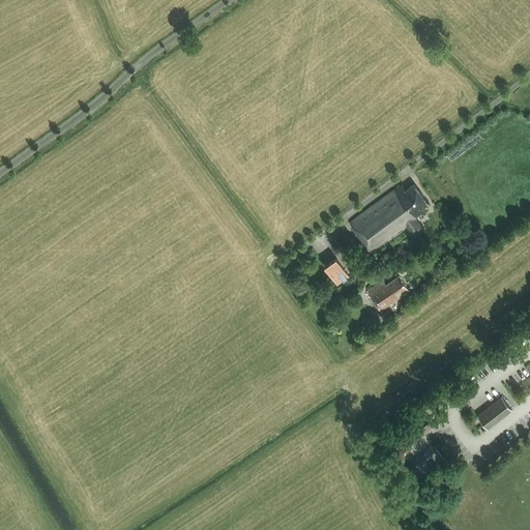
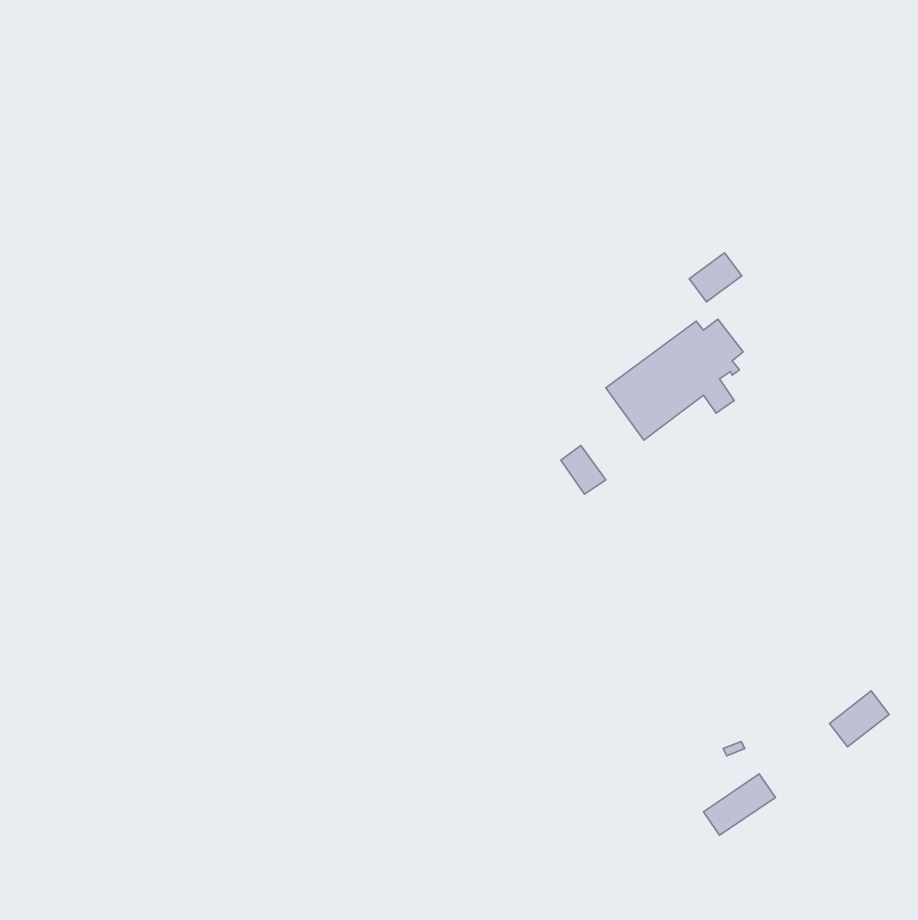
building: none -> [689,253,742,302]
building: [365,278,405,312] -> none

